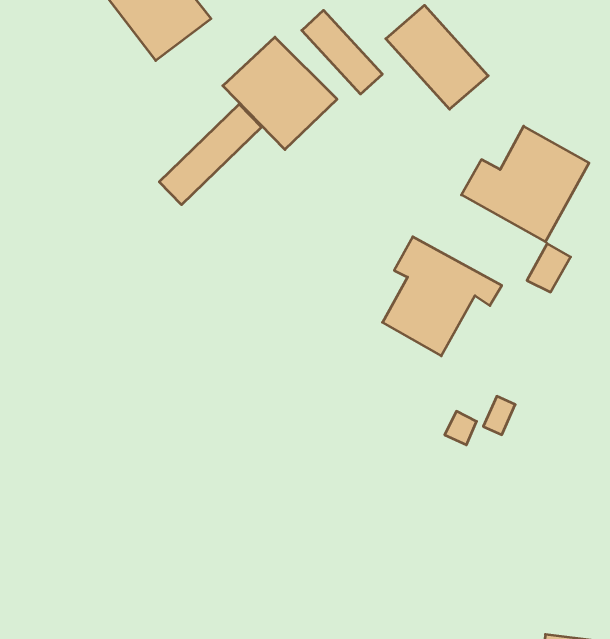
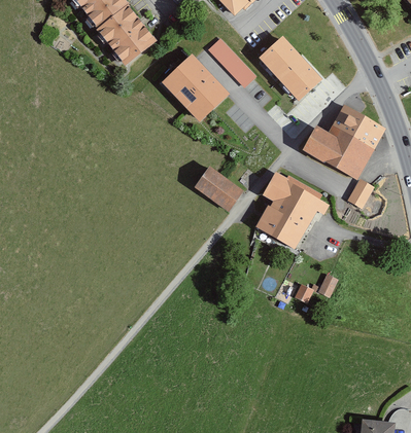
building: [159,104,261,205] -> none
building: none -> [192,166,242,212]

